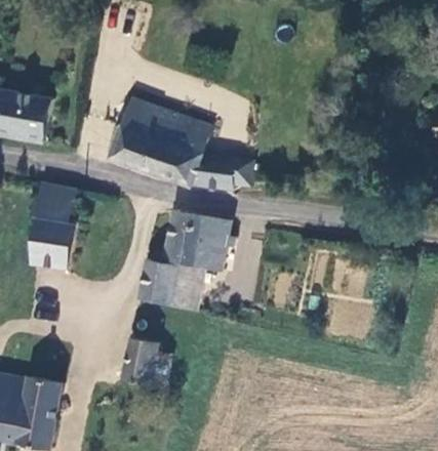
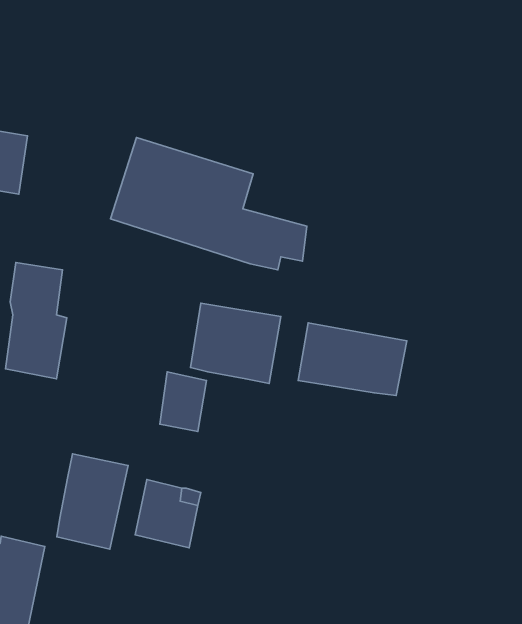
building: none -> [298,323,407,395]
building: [170,262,204,311] -> none
building: none -> [57,454,128,549]

